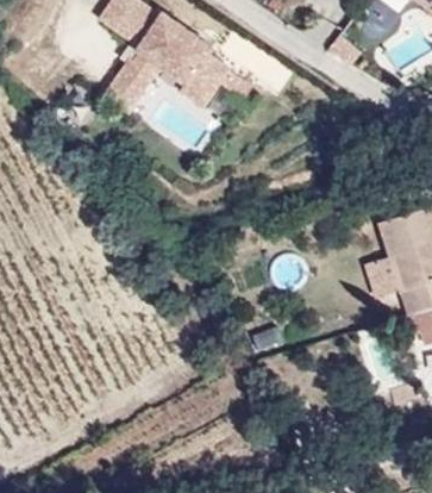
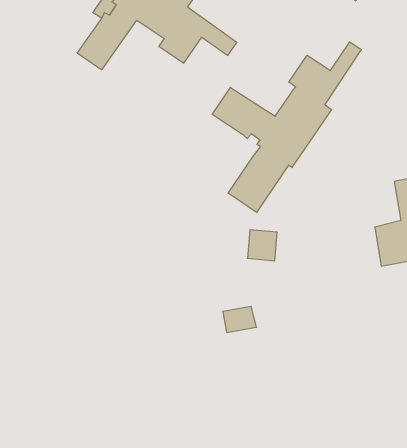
building: none -> [212,42,361,213]

